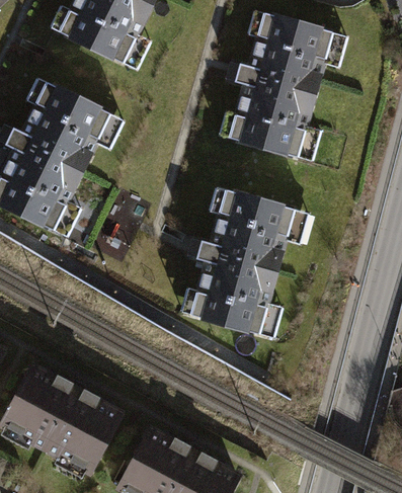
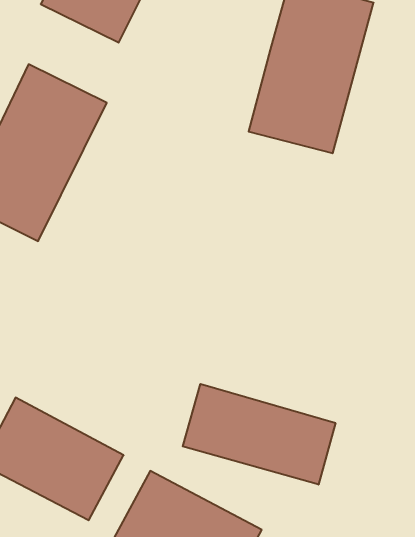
building: [182,185,311,336] -> none
building: none -> [183,384,335,485]

